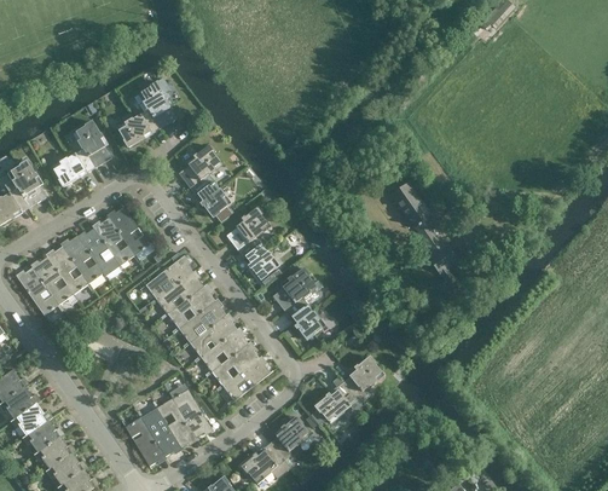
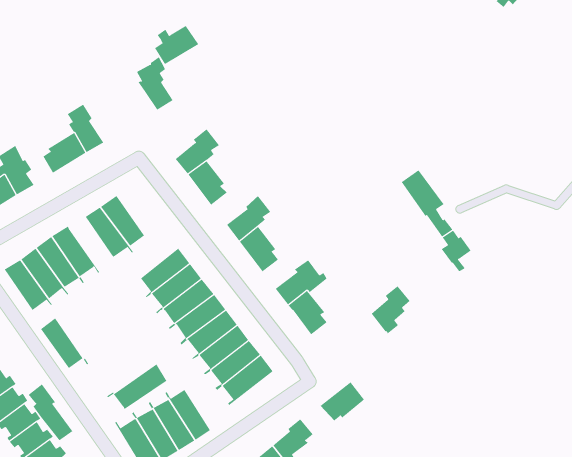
building: [118,108,161,145] -> [154,25,199,65]
building: [79,226,125,275] -> [40,318,89,369]
building: [343,354,381,400] -> [371,286,411,334]
building: none -> [106,364,167,409]
building: none -> [28,383,73,441]

